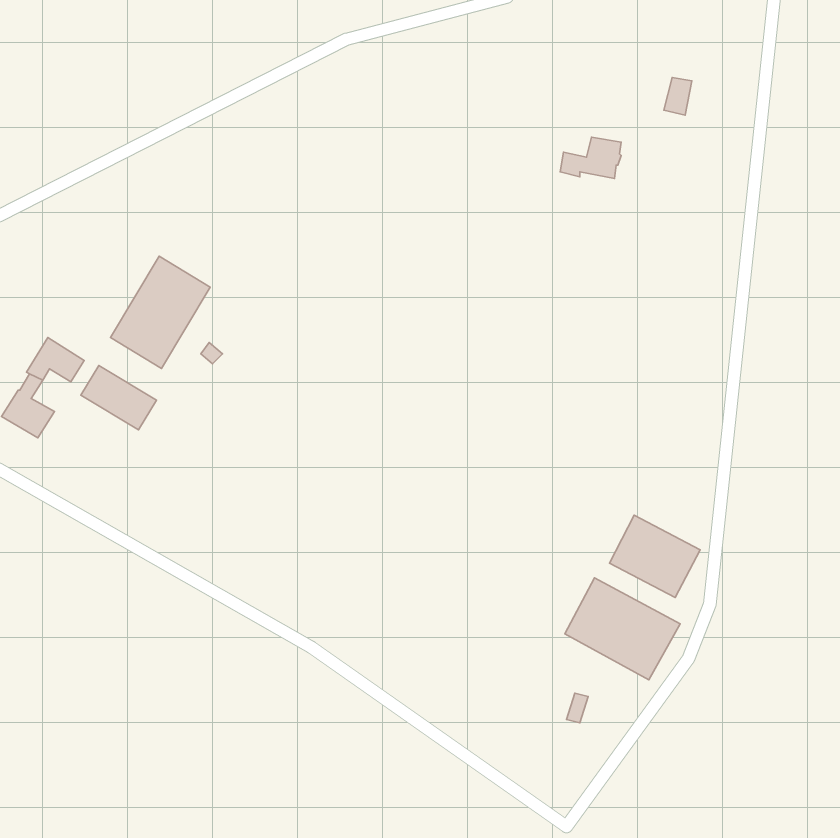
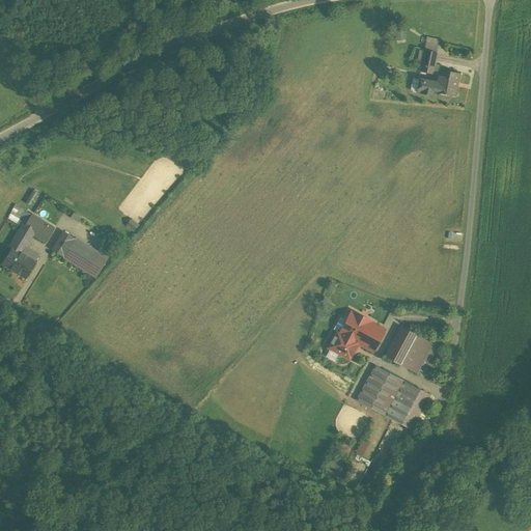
building: [560,137,621,178] -> [419,68,457,94]
building: [110,256,210,368] -> none
building: none -> [327,311,384,358]

